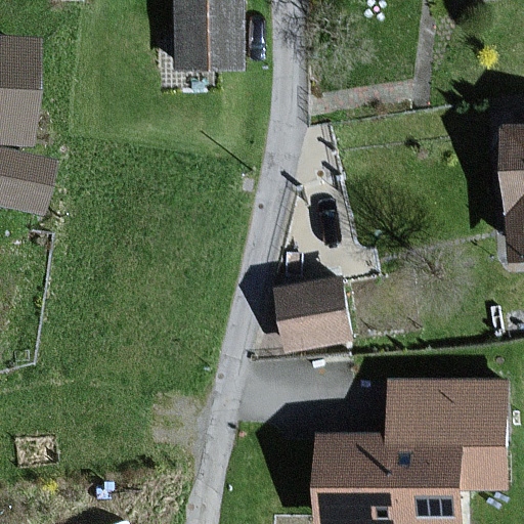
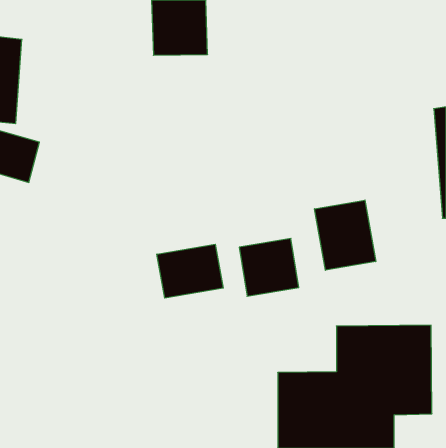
building: none -> [315,200,376,270]
building: none -> [157,244,223,298]

